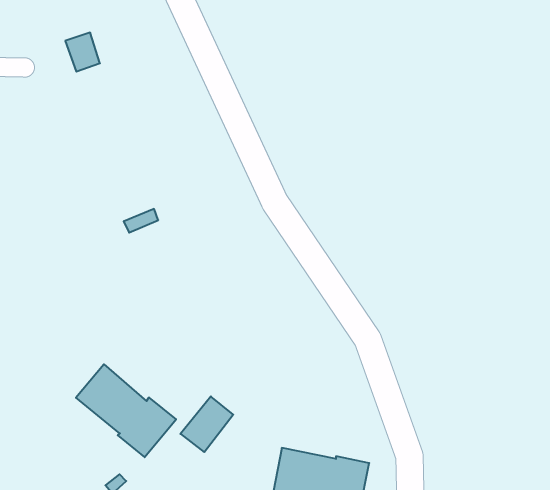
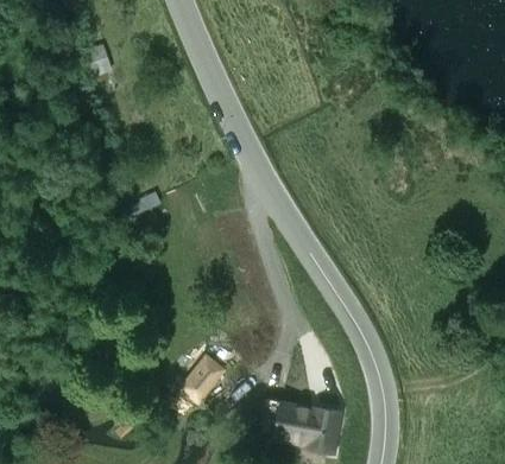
building: [76,364,176,457] -> none

